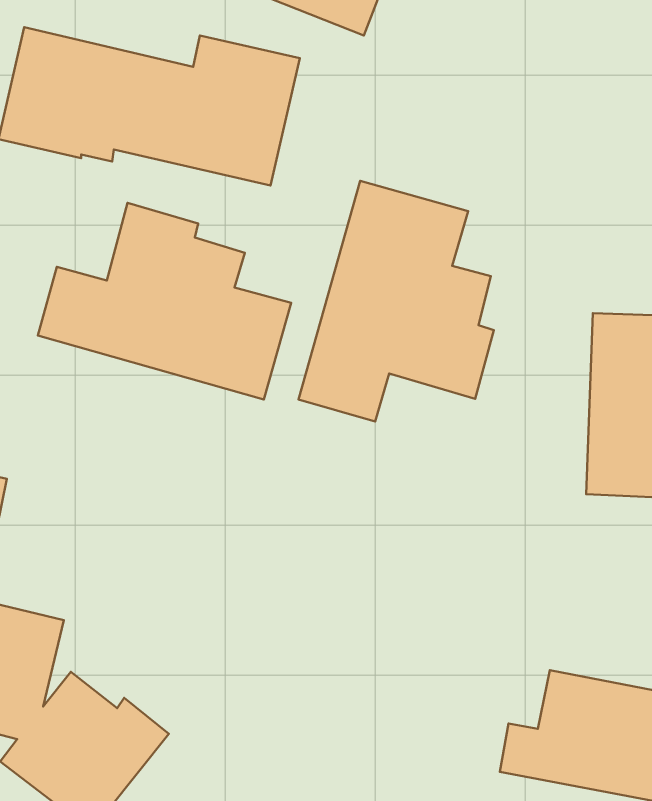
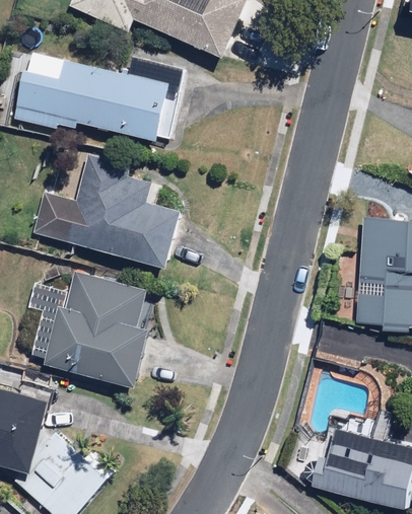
building: [298,181,494,422] -> none
building: none -> [26,270,151,389]

